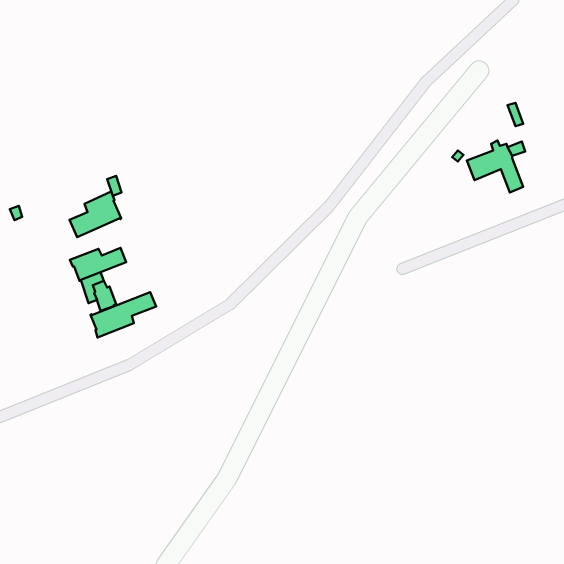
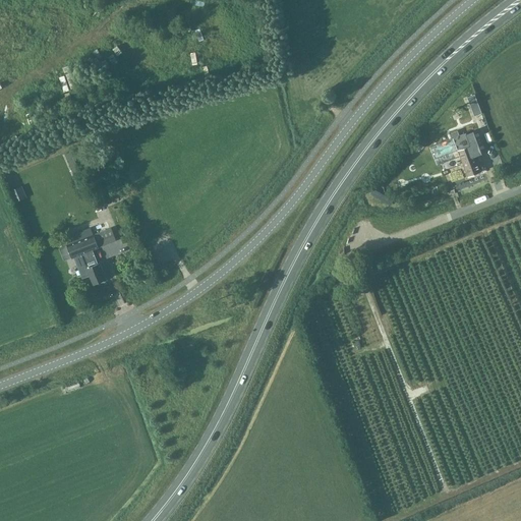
building: [70,192,121,237] -> none
building: [91,292,156,338] -> none

